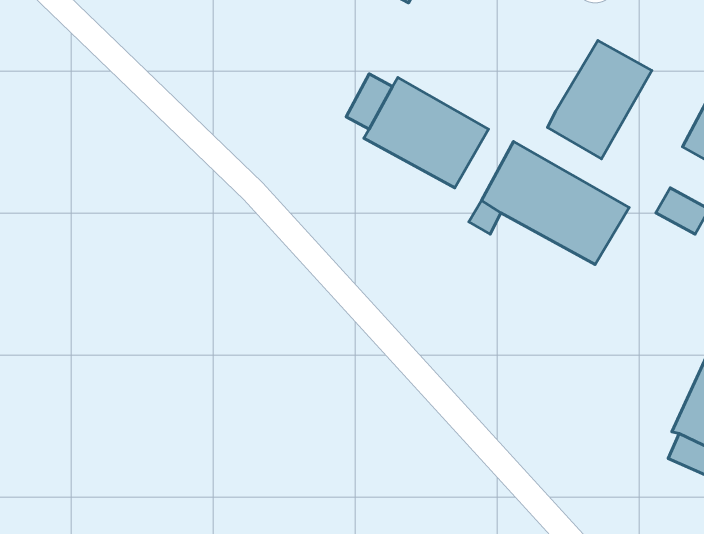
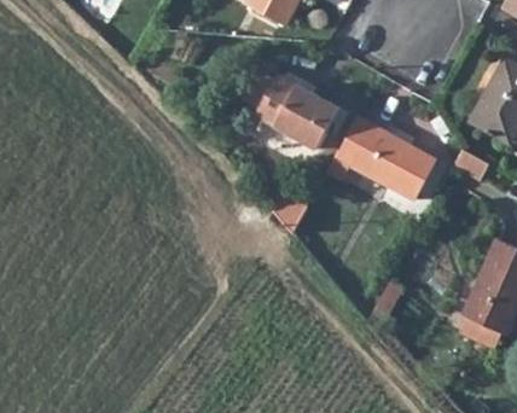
building: [548,41,652,159] -> none

